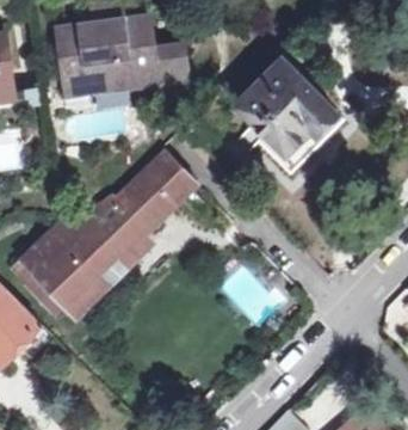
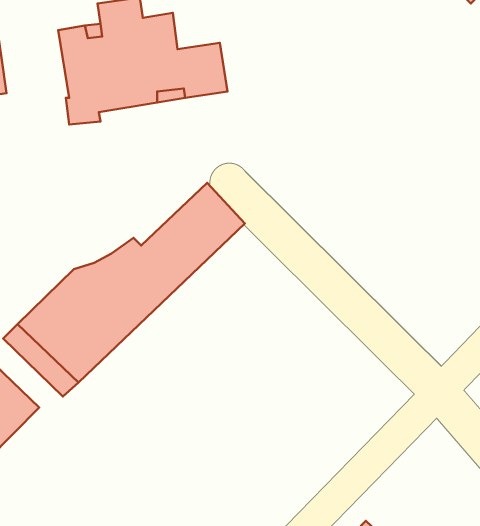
building: [239,61,340,158] -> none

